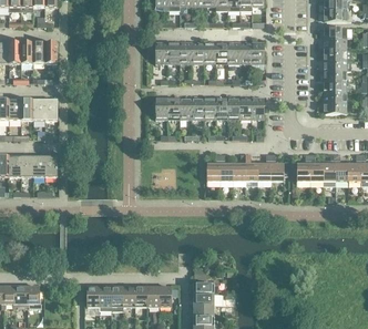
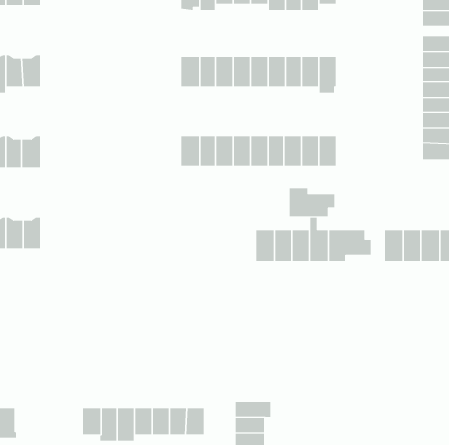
building: none -> [289,188,335,217]

